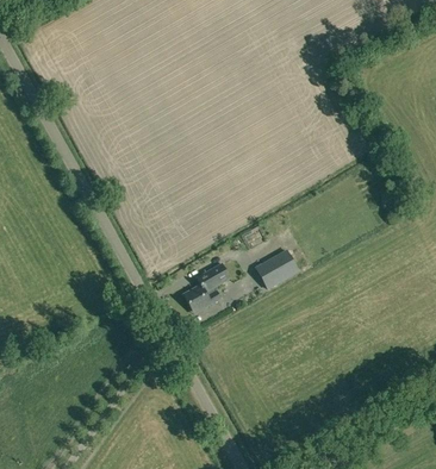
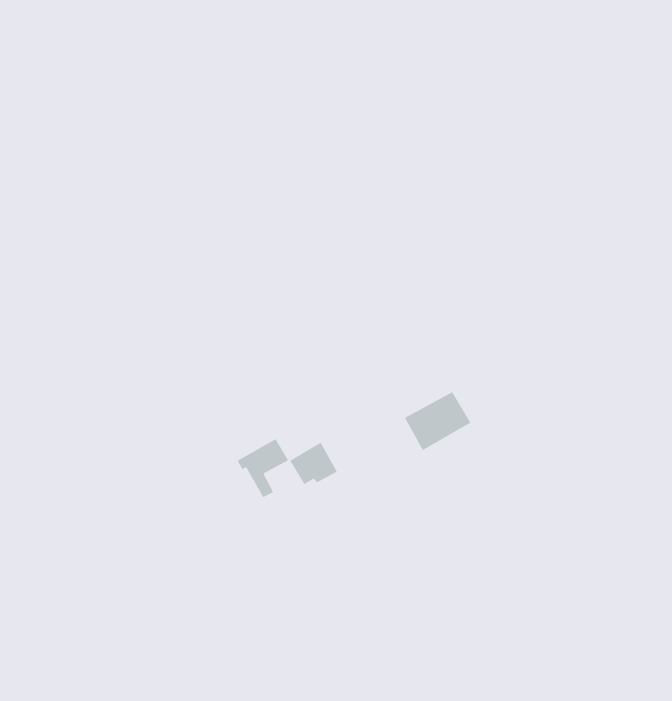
building: [199,263,232,301] -> [236,438,289,498]

